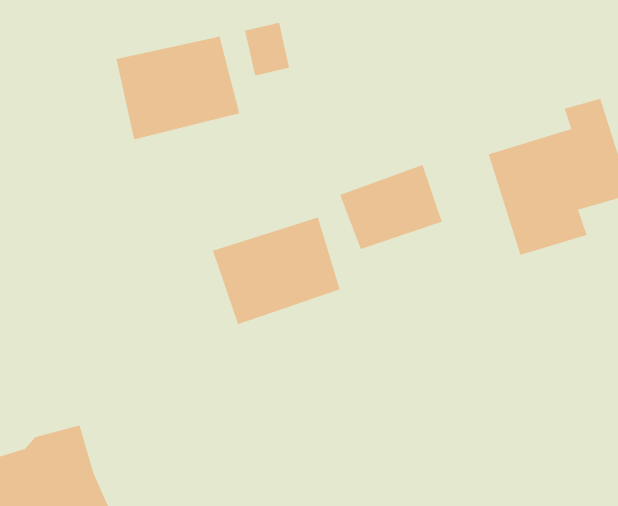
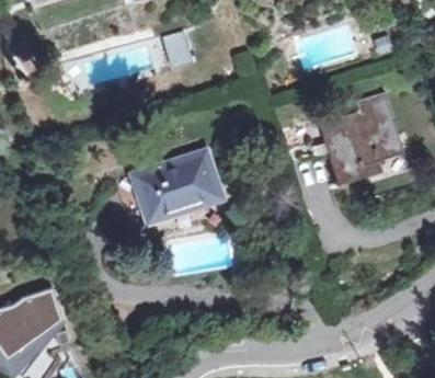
building: [116,36,240,140] -> none
building: [340,164,442,250] -> none

